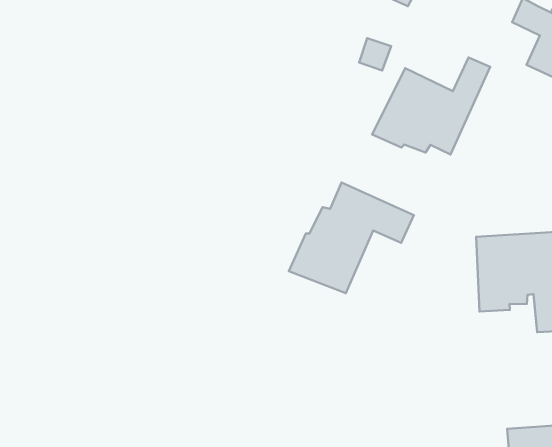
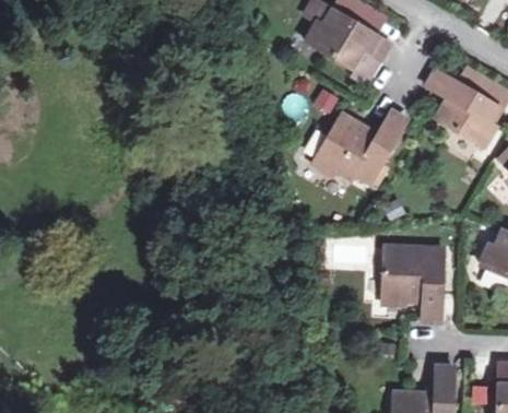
building: [289,182,414,293] -> none

